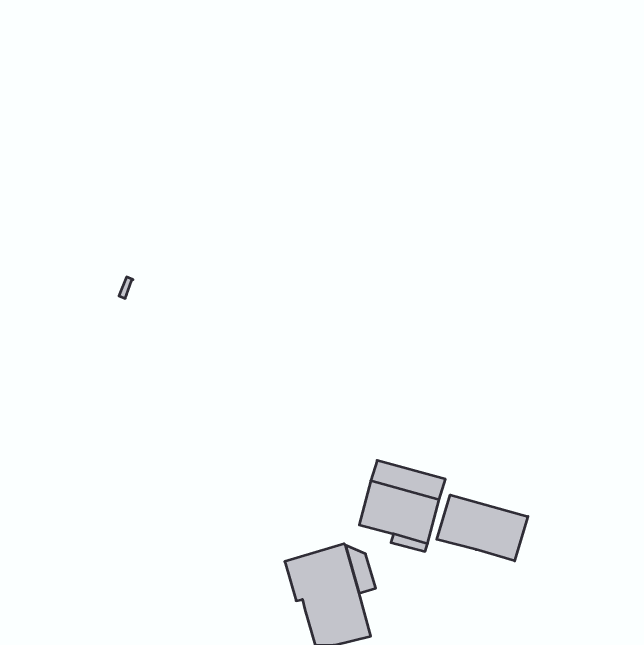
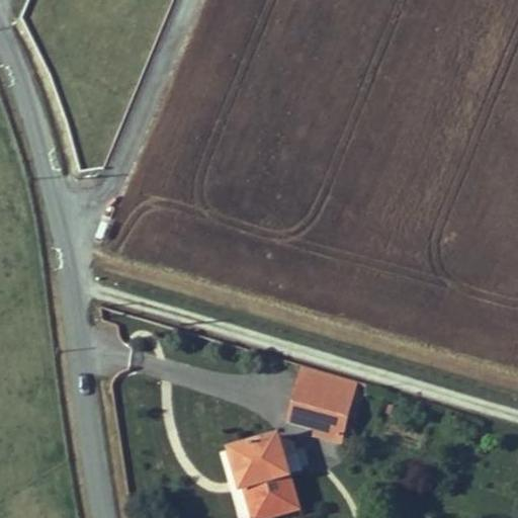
building: [437,495,528,561] -> none

